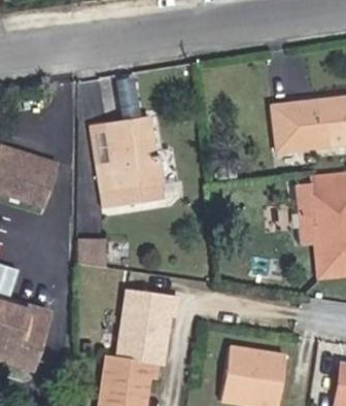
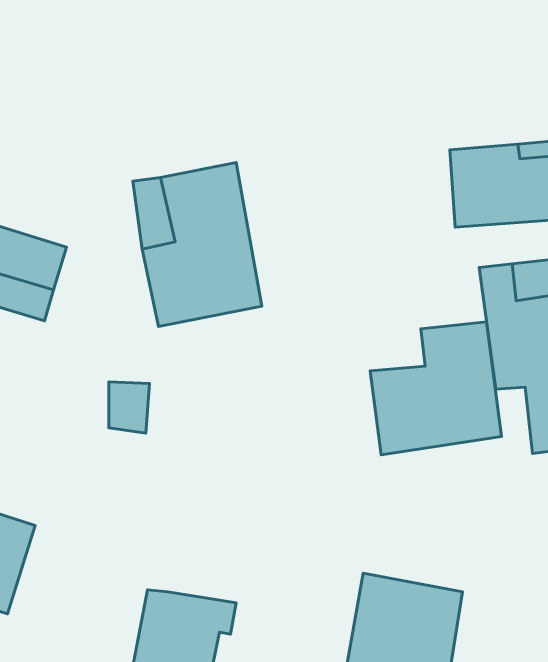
building: none -> [370,322,501,455]
building: [118,291,176,360] -> none

